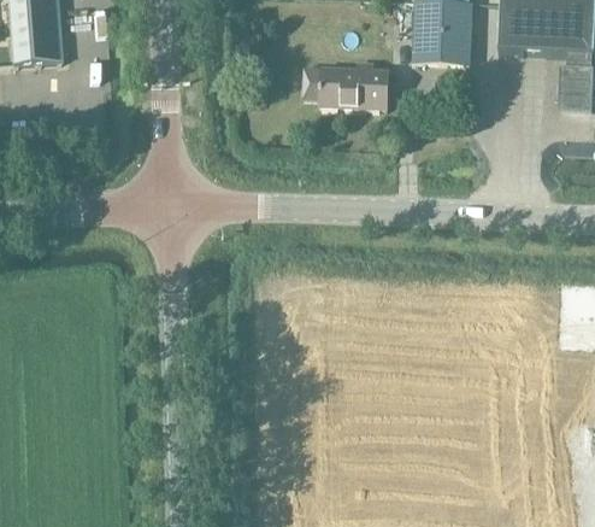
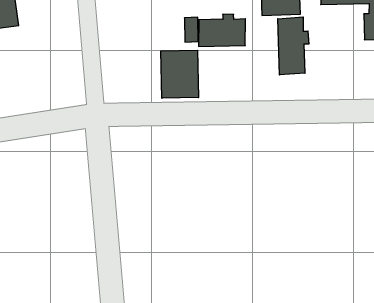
building: none -> [278,17,309,75]
building: none -> [161,50,198,98]

